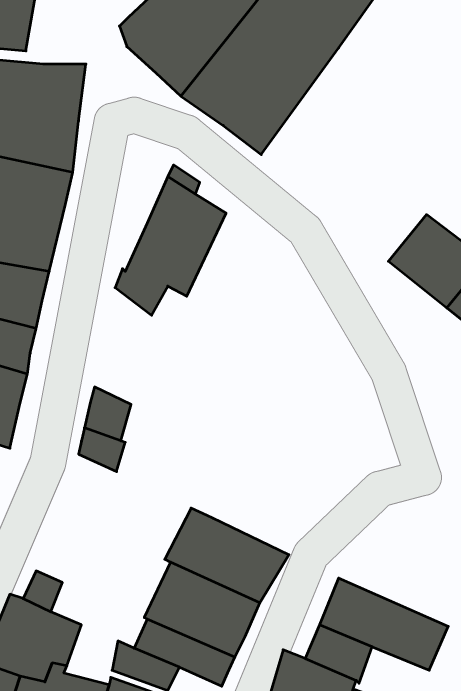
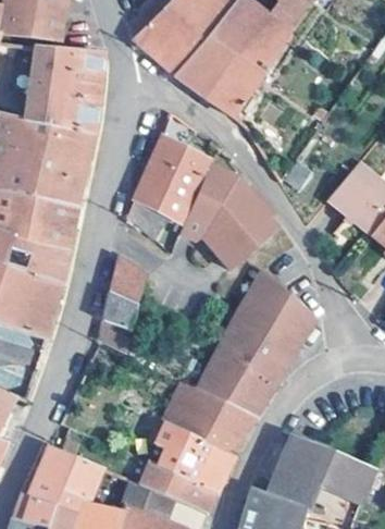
building: none -> [181,170,278,270]
building: none -> [110,255,147,305]
building: none -> [198,271,314,417]

